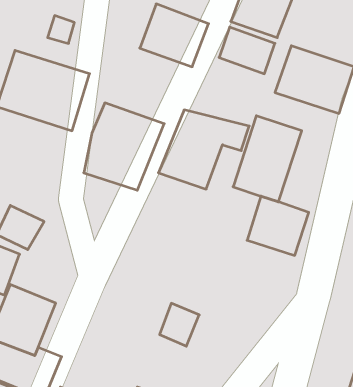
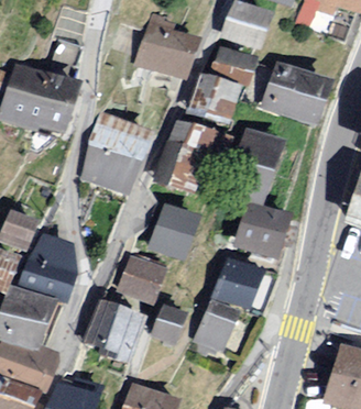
building: none -> [188,75,247,130]
building: none -> [149,203,206,264]
building: none -> [20,235,80,306]
building: none -> [118,256,171,306]
building: none -> [211,256,266,311]
building: none -> [83,299,152,364]
building: none -> [194,300,241,353]

